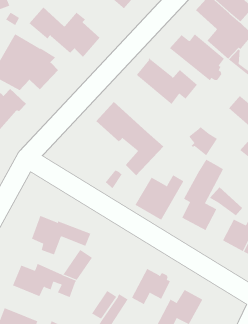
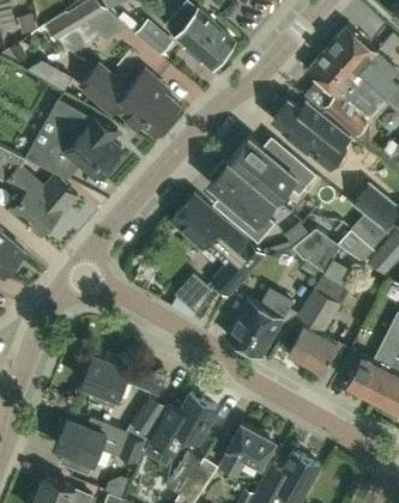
building: none -> [206,157,277,241]
building: [209,186,243,216] -> [328,223,375,263]
building: none -> [152,394,217,452]

